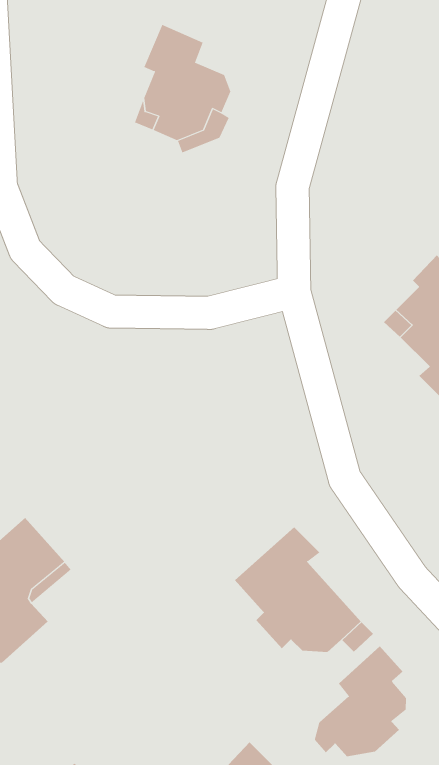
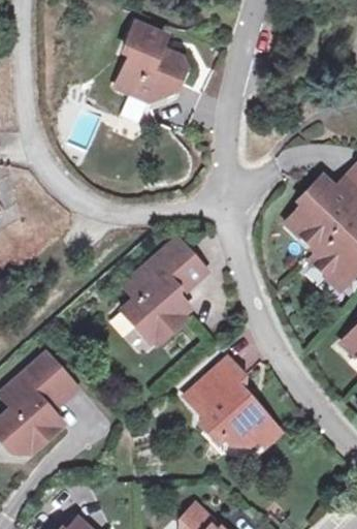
building: none -> [123,237,205,340]
building: [314,646,406,757] -> none

